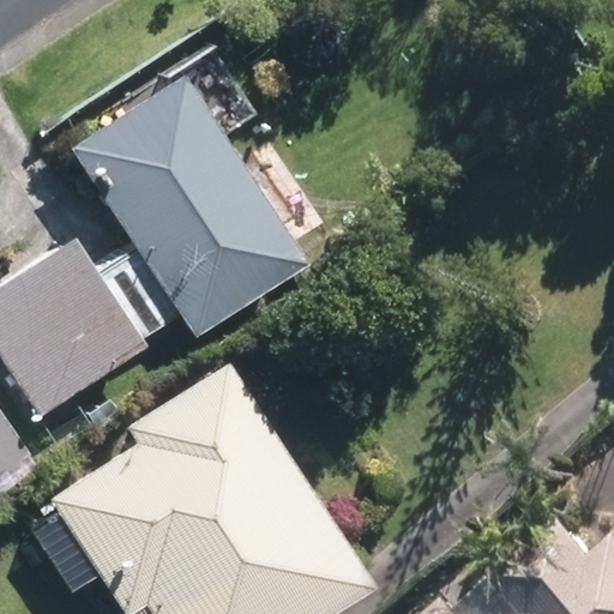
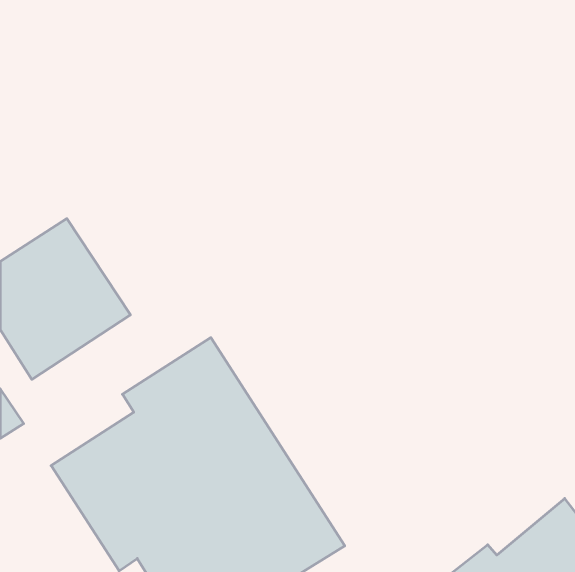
building: [76,82,300,329] -> none

